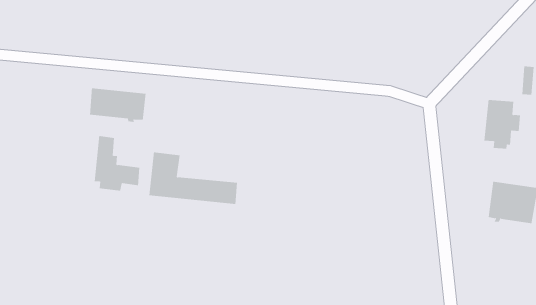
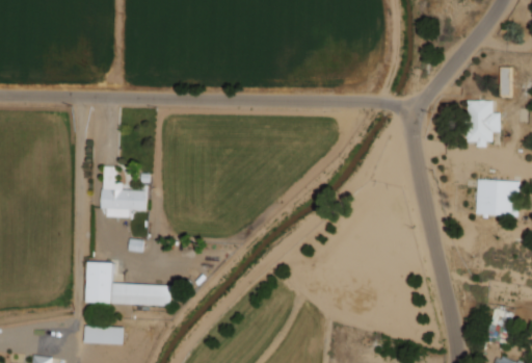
building: [90,88,146,123] -> none
building: [149,152,238,204] -> [86,262,169,306]

